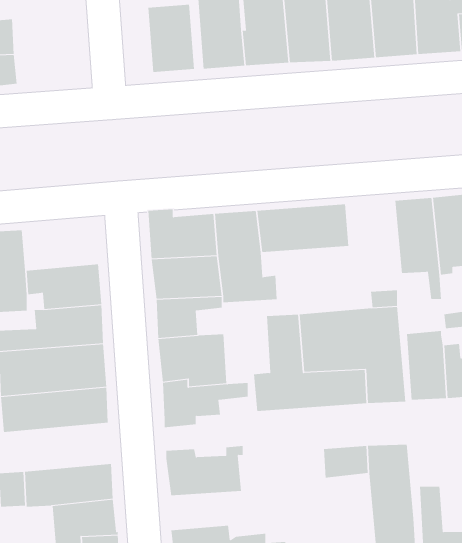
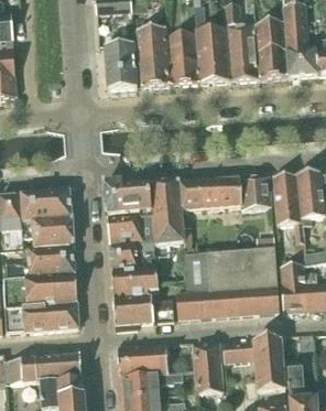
building: none -> [239,175,271,209]
building: none -> [20,184,72,223]
building: none -> [194,344,222,393]
building: none -> [119,372,175,399]

